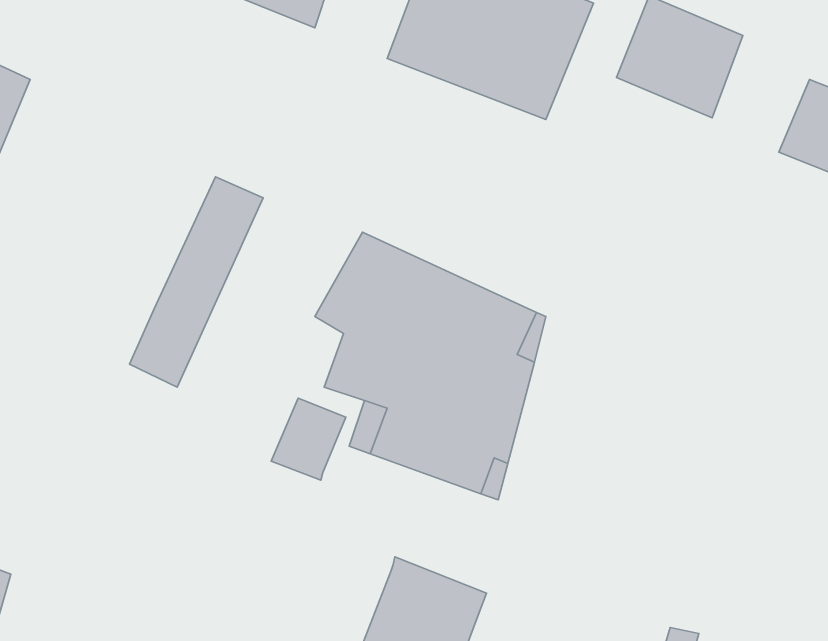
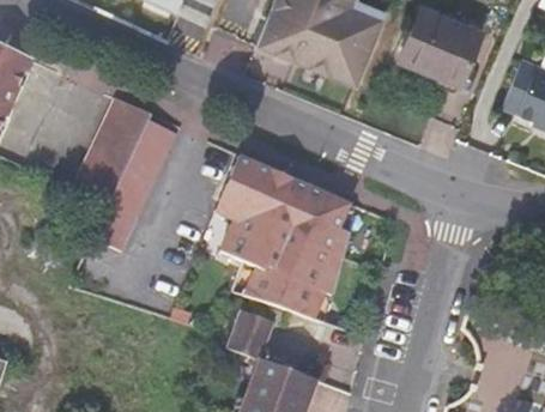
building: none -> [77,99,149,202]
building: [271,398,346,480] -> [226,311,273,363]

